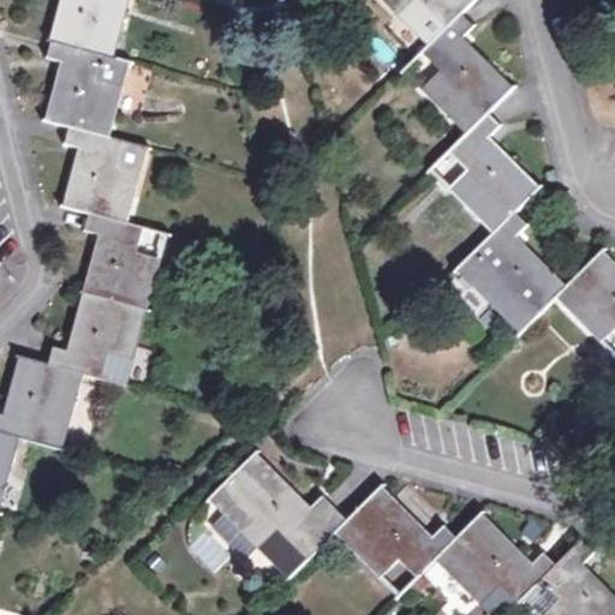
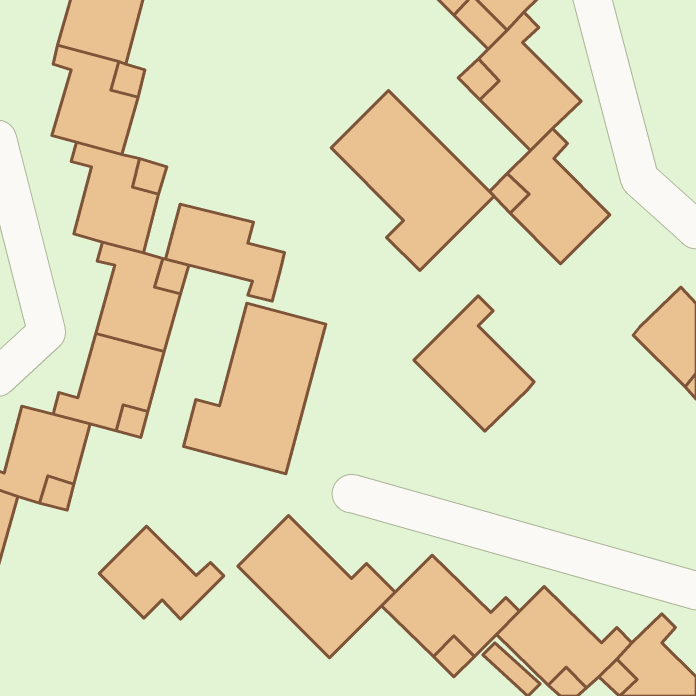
building: none -> [331,91,494,271]
building: none -> [165,204,285,301]
building: [456,211,562,330] -> [414,296,534,431]
building: none -> [183,303,326,474]
building: none -> [99,526,224,619]

